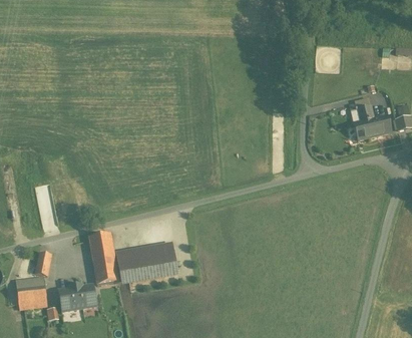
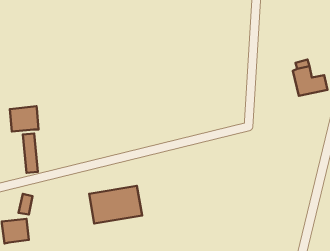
building: none -> [10,106,39,132]
building: [88,232,118,283] -> none
building: [58,284,96,310] -> none

